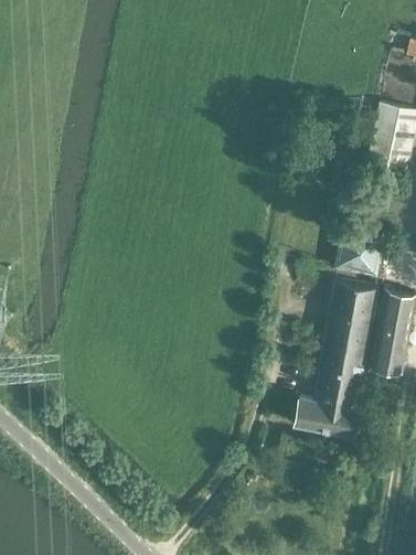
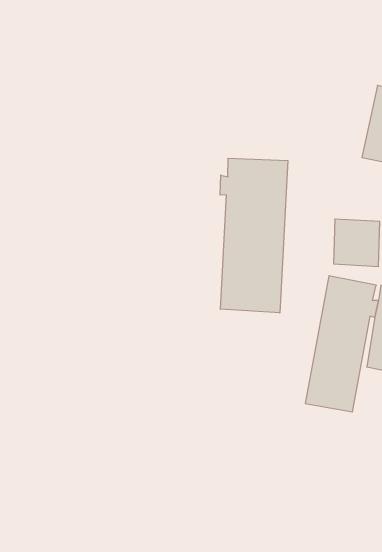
building: none -> [220,158,288,313]
building: [294,397,361,436] -> none

